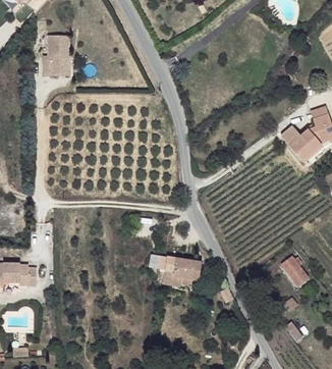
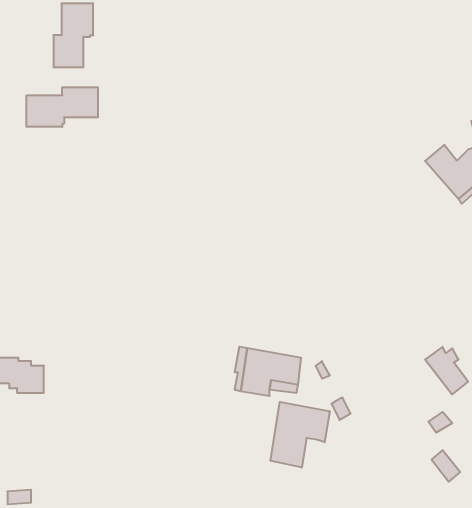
building: none -> [27,87,98,127]
building: none -> [271,402,330,468]

